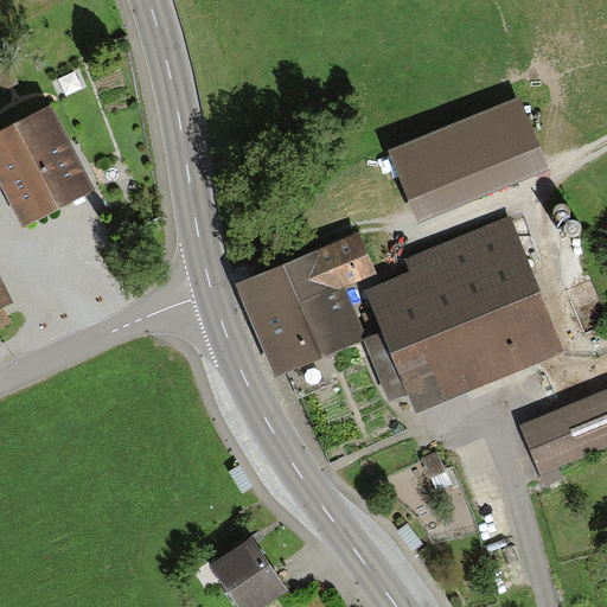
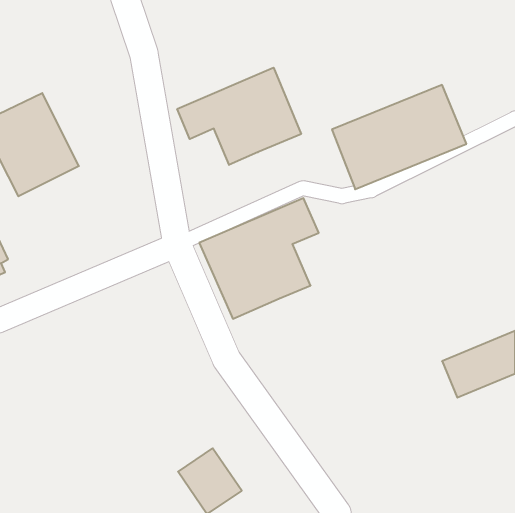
building: none -> [177,68,301,165]
building: [364,217,564,413] -> none

